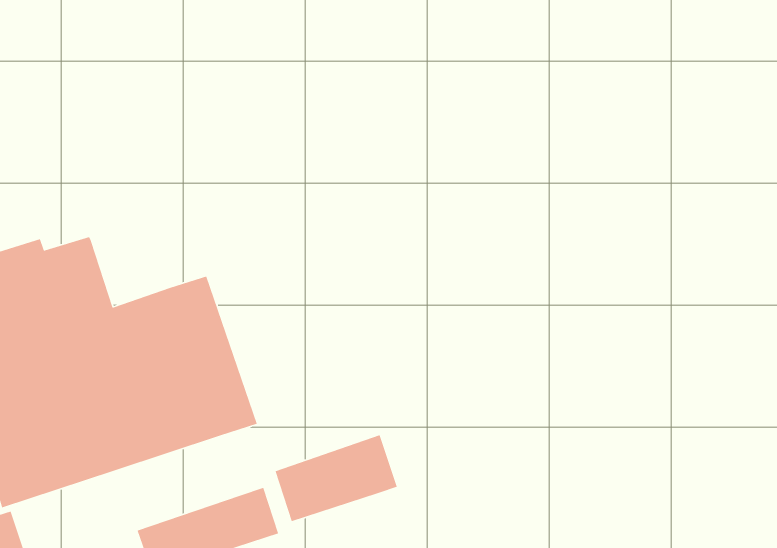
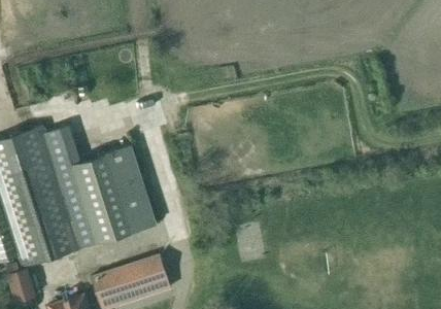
building: [275,434,398,522] -> none

